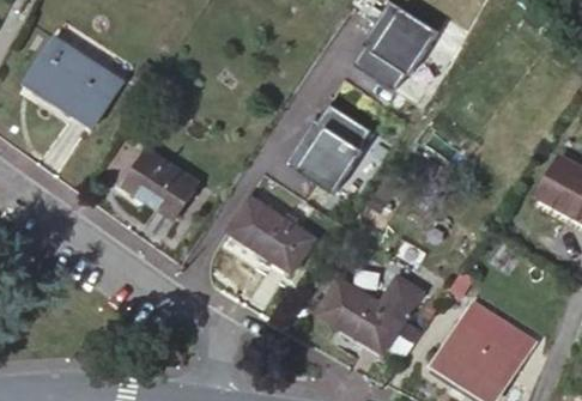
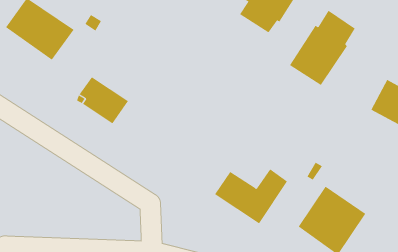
building: none -> [289,10,356,86]
building: [285,102,370,194] -> none
building: [228,198,314,273] -> none

